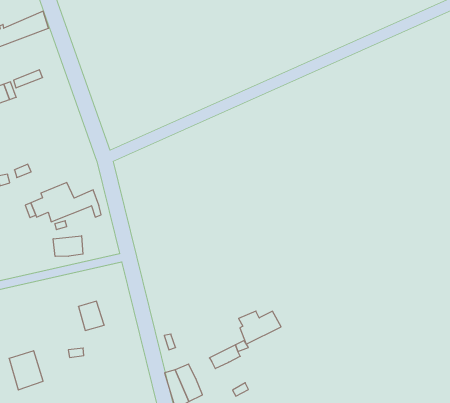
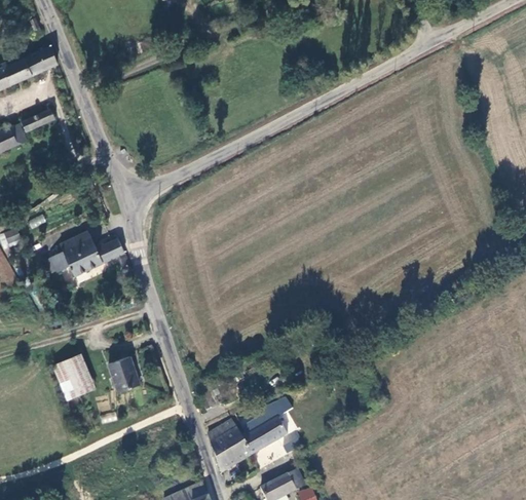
building: [53,236,83,256] -> none
building: [239,311,281,344] -> [241,417,289,455]
building: [9,351,43,390] -> [54,355,93,399]

